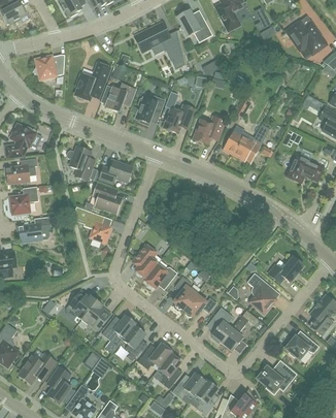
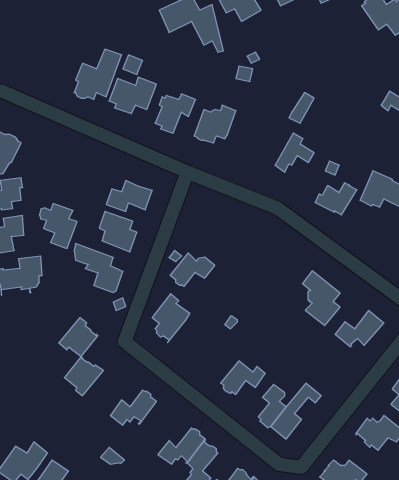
building: [33,55,64,78] -> none
building: [194,117,225,143] -> none
building: [231,139,262,163] -> [315,183,357,215]
building: [67,147,95,180] -> [39,204,77,248]
building: [144,263,177,288] -> [170,253,215,286]
building: [247,272,275,313] -> [302,271,340,325]
building: [173,276,197,310] -> none
building: [81,300,110,329] -> [59,318,98,357]
building: [124,323,145,360] -> none

